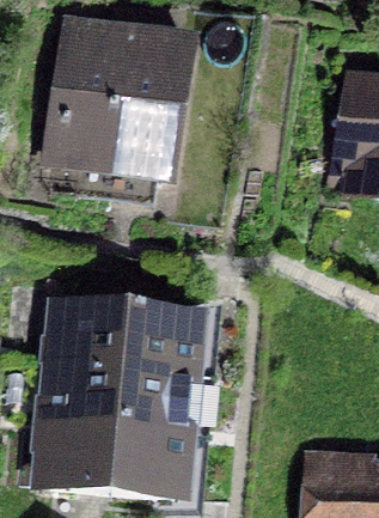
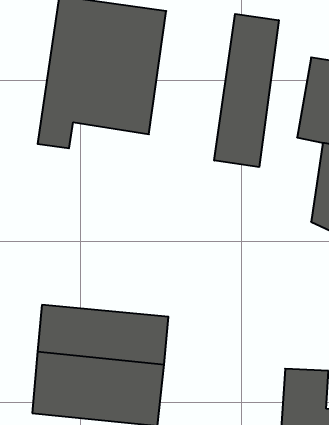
building: none -> [214,14,279,167]
building: [51,297,197,372] -> none

